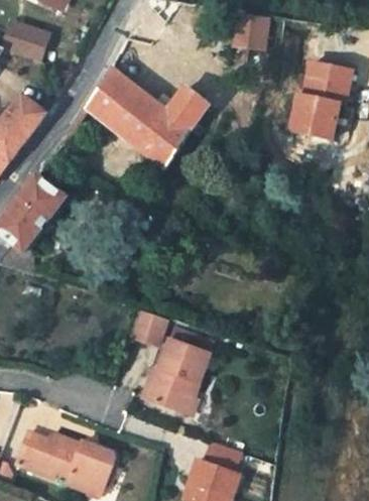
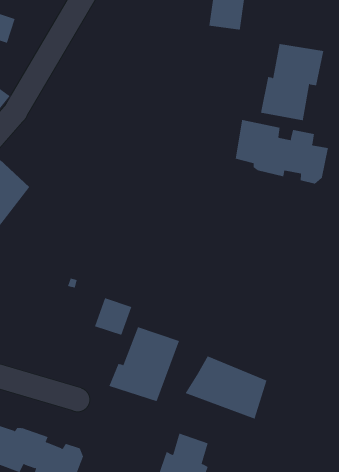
building: [85,67,208,170] -> none
building: none -> [235,119,328,185]
building: none -> [185,356,267,420]

